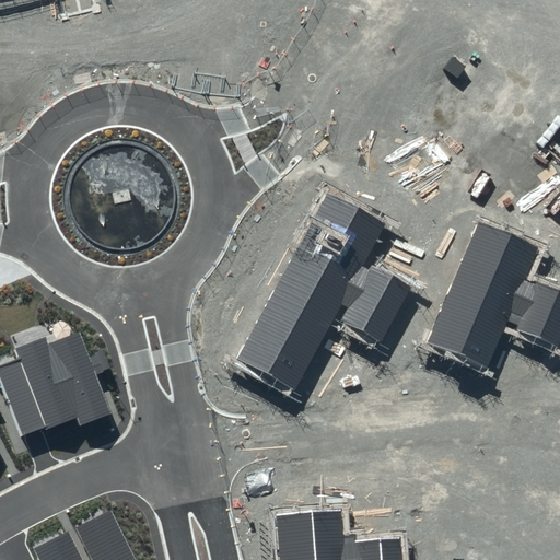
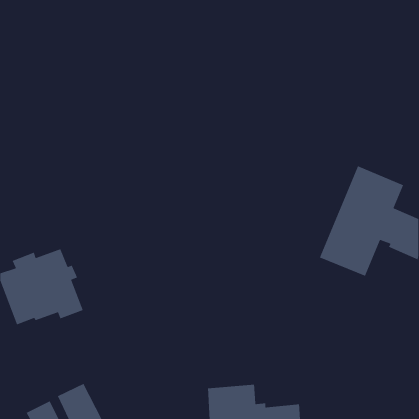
building: [235,192,410,394] -> none

